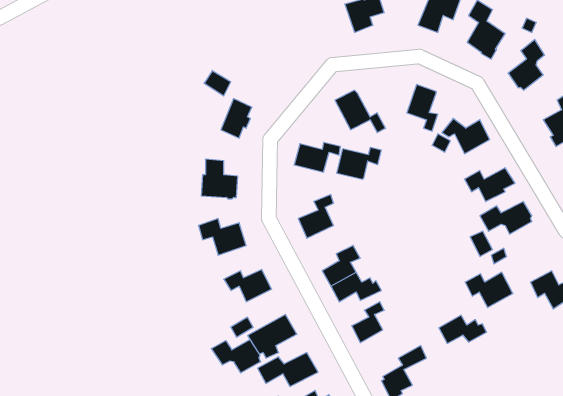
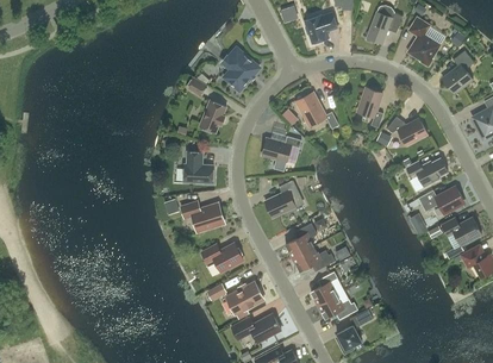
building: none -> [225,48,260,89]
building: [337,147,381,179] -> none
building: [465,272,513,308] -> [442,215,482,245]
building: [439,315,487,343] -> [318,294,358,318]
building: [211,339,261,373] -> none

